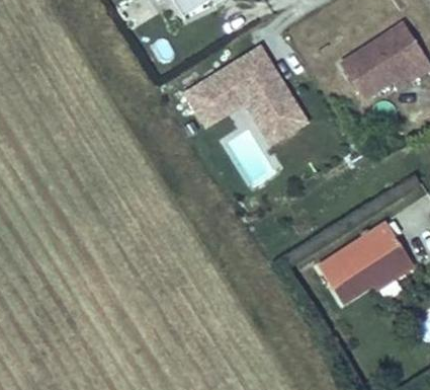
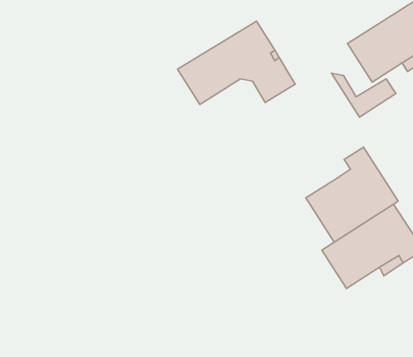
building: [243,100,304,142] -> [332,73,396,117]
building: none -> [306,147,398,242]

